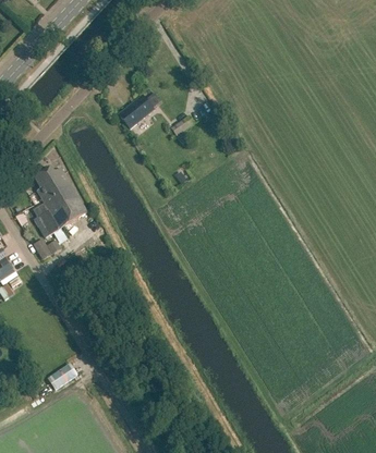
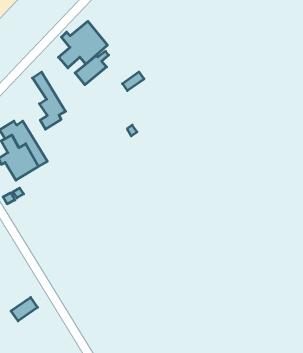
building: none -> [58,21,107,68]
building: none -> [32,72,66,129]

